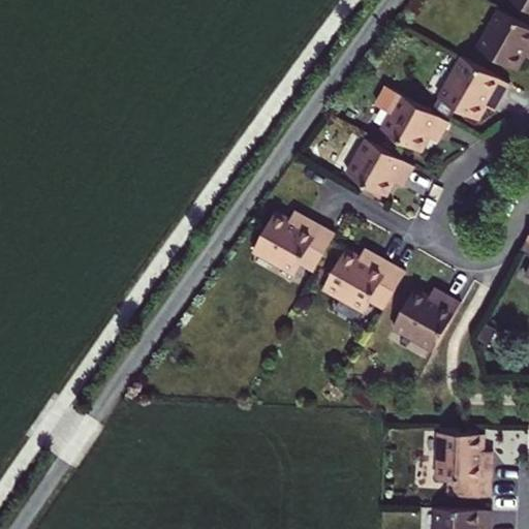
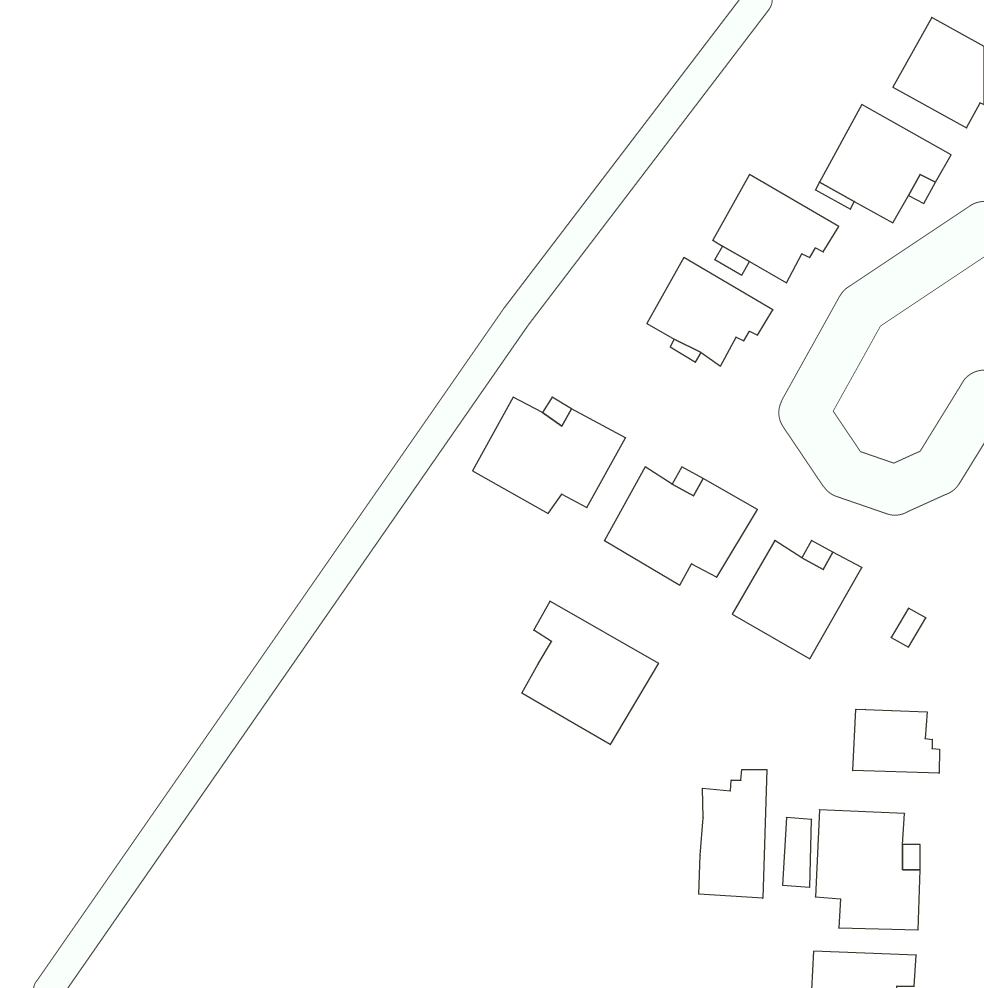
building: none -> [522,601,658,745]
building: none -> [853,709,939,773]
building: none -> [699,770,767,898]

